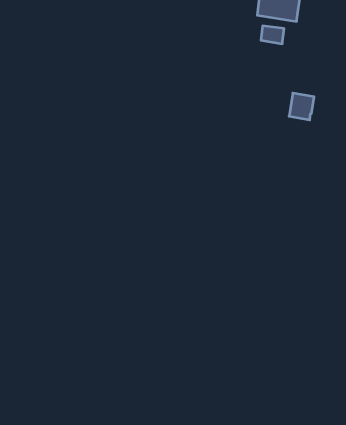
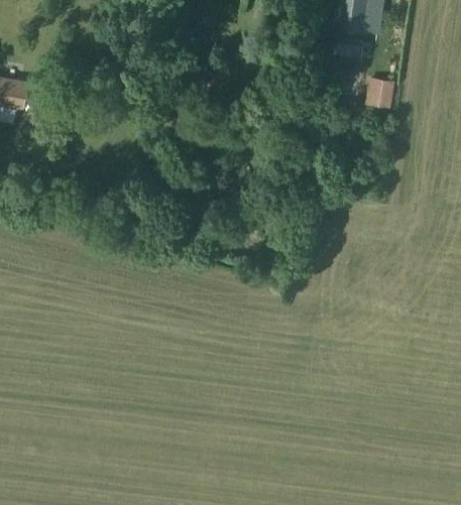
building: [289,93,314,120] -> [365,78,393,108]

